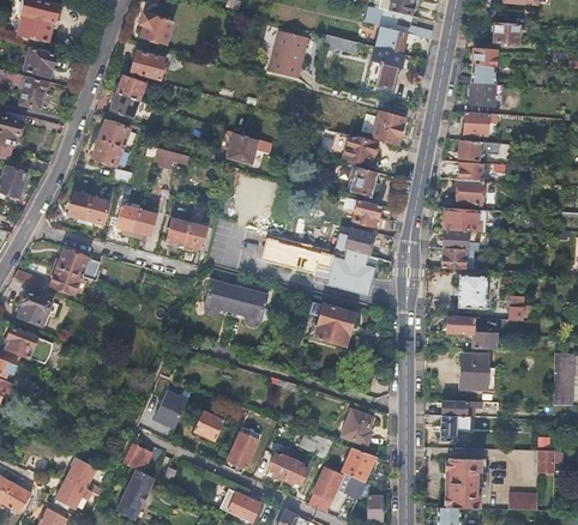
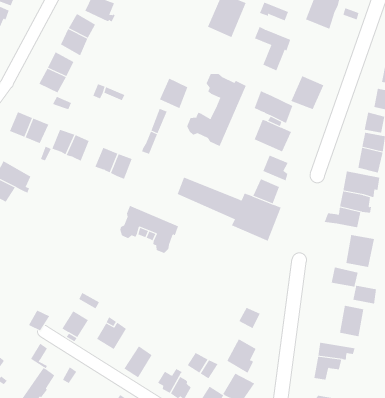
building: [365,44,405,91] -> [254,26,291,71]
building: none -> [186,73,247,147]
building: [312,303,354,345] -> none

